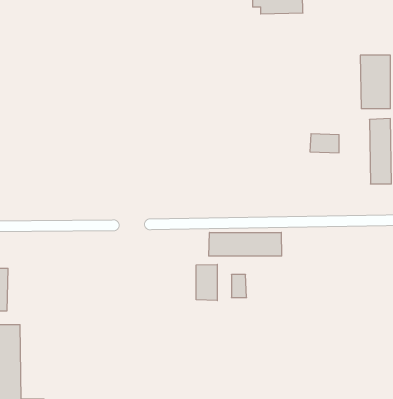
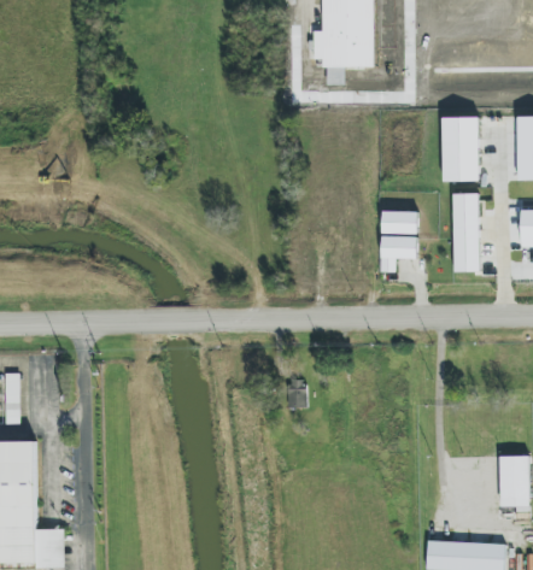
building: none -> [380,236,416,271]
building: [209,232,282,256] -> none
building: [196,264,217,301] -> none

